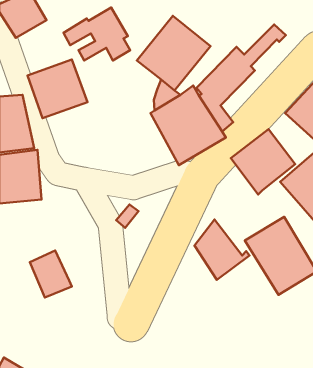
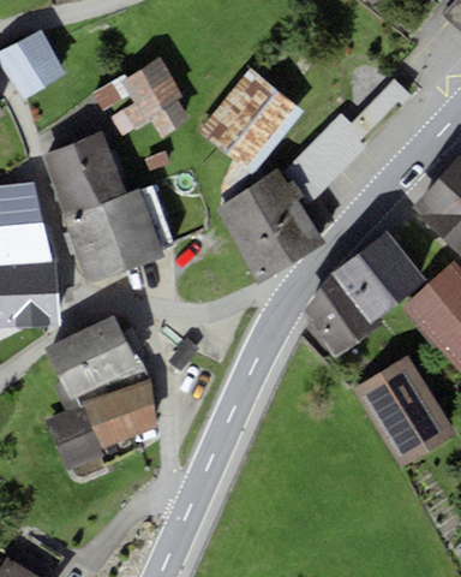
building: none -> [62,185,176,284]
building: none -> [46,315,139,399]
building: [194,219,250,280] -> [304,272,383,358]
building: none -> [83,379,158,447]

